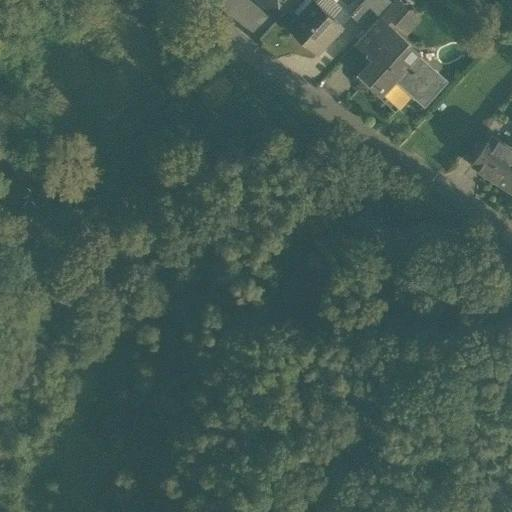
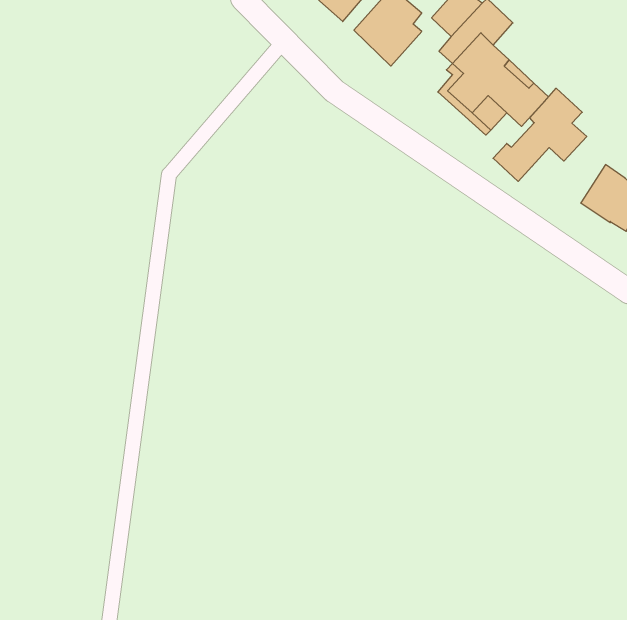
building: none -> [493,88,587,181]

